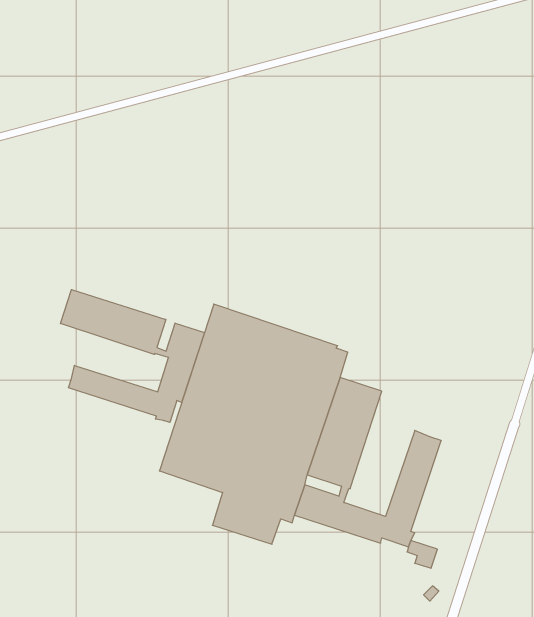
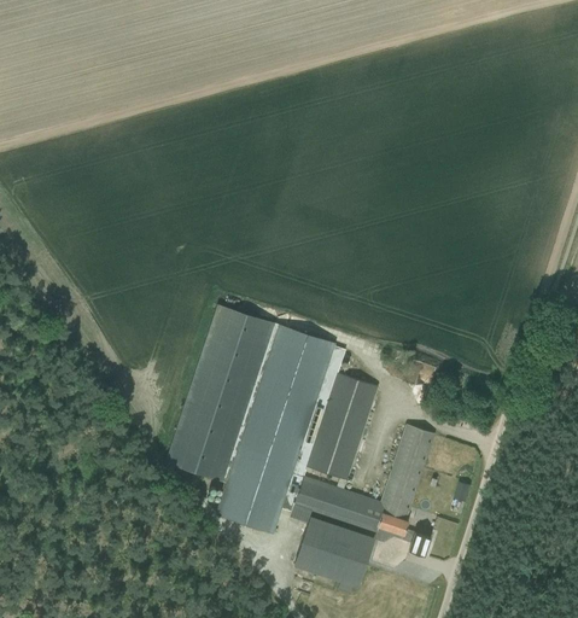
building: [61,290,204,422] -> none
building: none -> [293,515,375,587]

